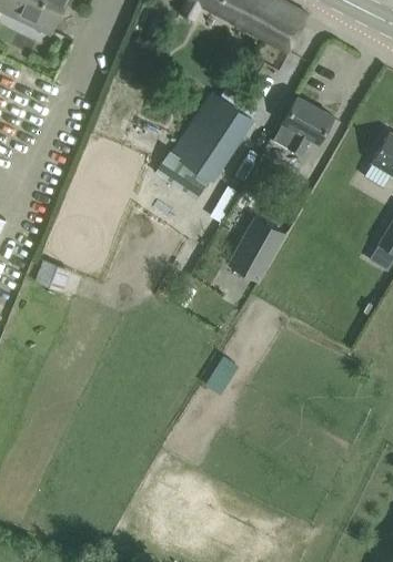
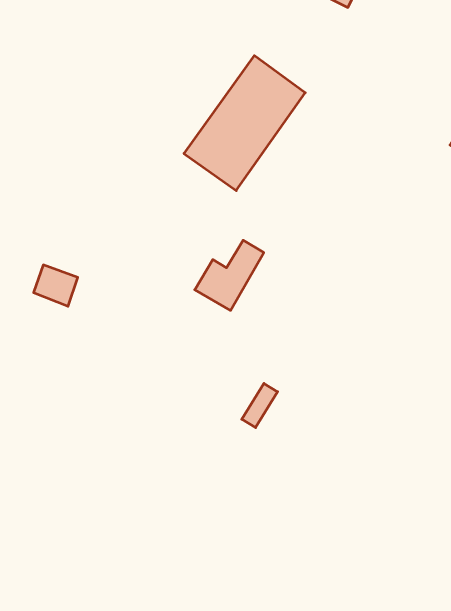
building: [274,96,334,155] -> none
building: [230,224,285,280] -> [195,240,264,310]

